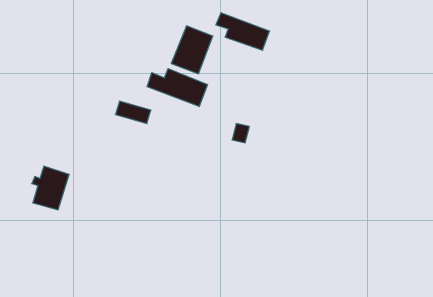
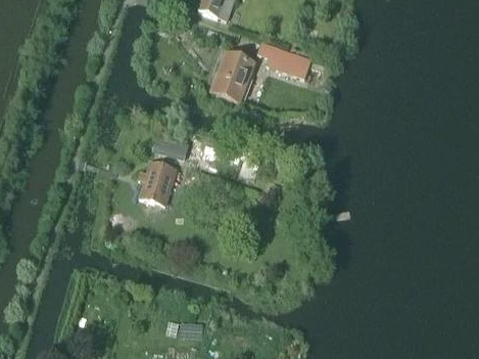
building: [147,69,208,107] -> none
building: [32,166,69,210] -> [138,161,176,205]

